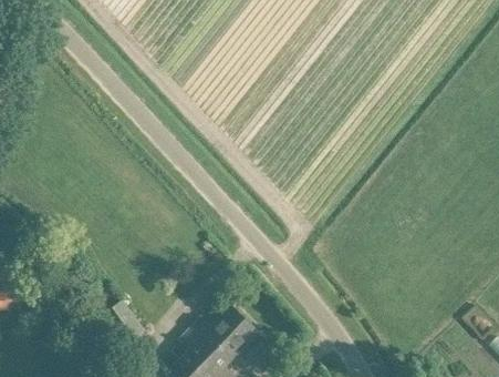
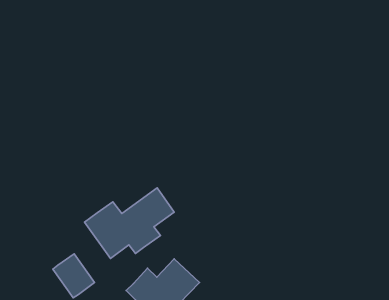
building: none -> [85,188,174,258]

